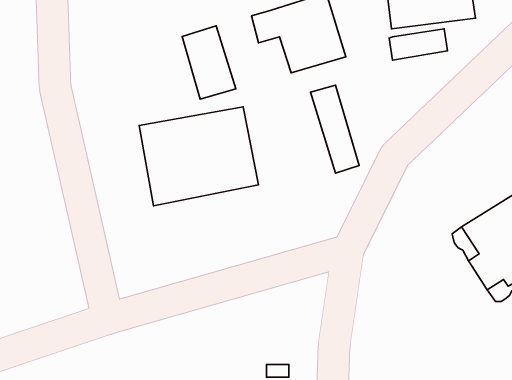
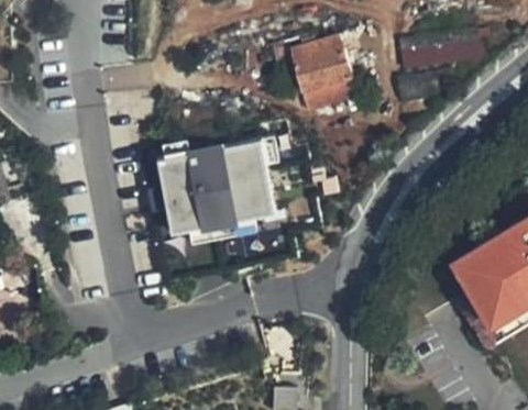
building: [182,26,236,99] -> none
building: [310,85,359,173] -> none

